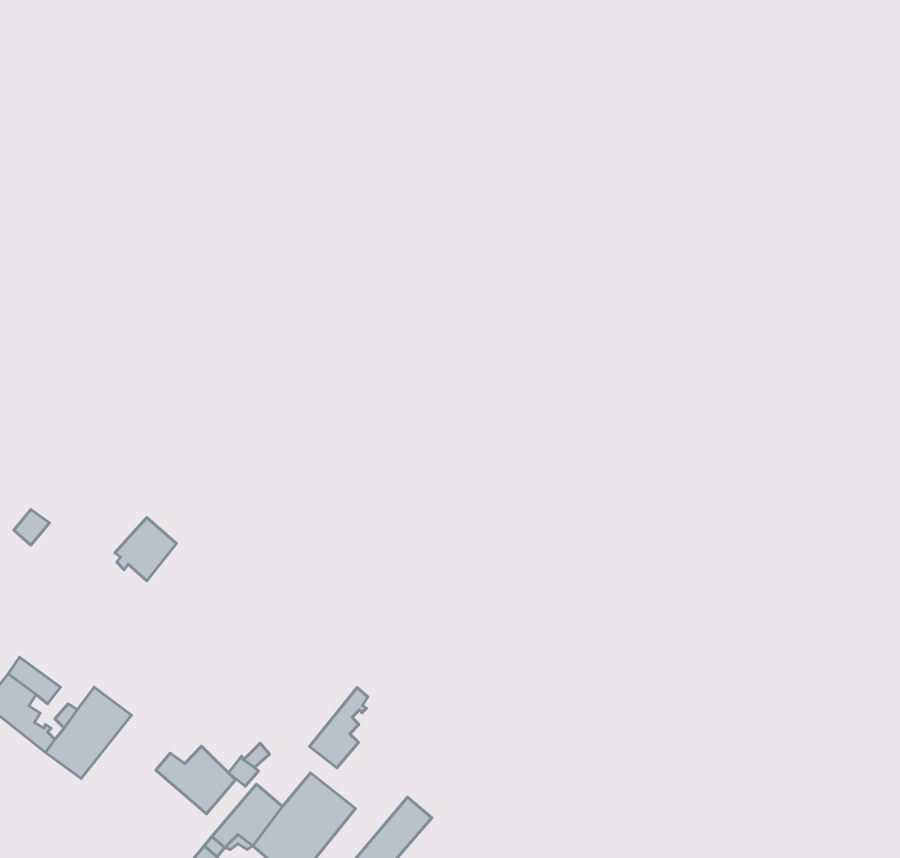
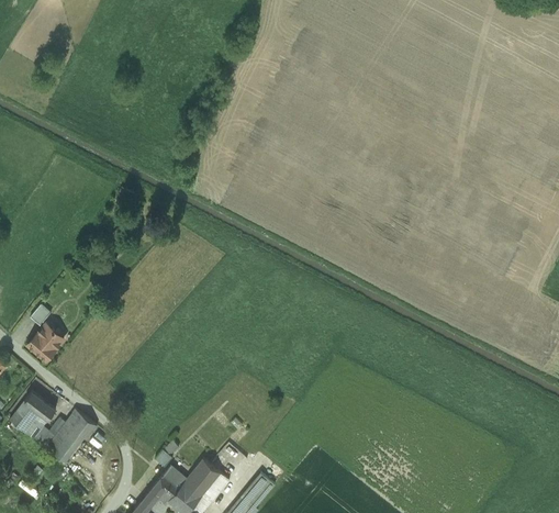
building: [115,517,177,581] -> [27,325,64,363]
building: [309,687,368,768] -> none
building: [156,746,235,814] -> none

